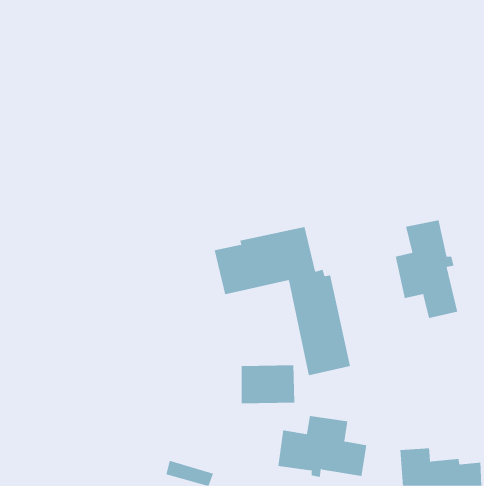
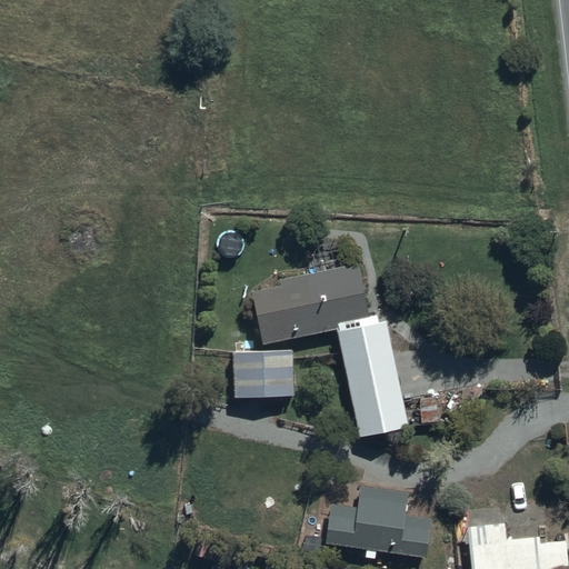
building: [395,219,458,319] -> none
building: [241,365,295,404] -> [230,351,293,397]

